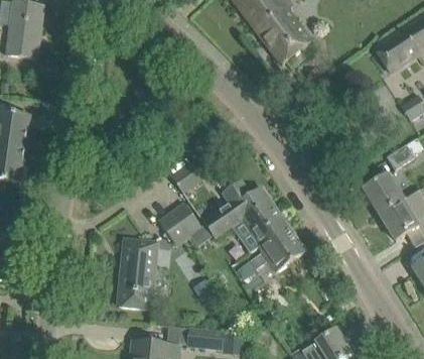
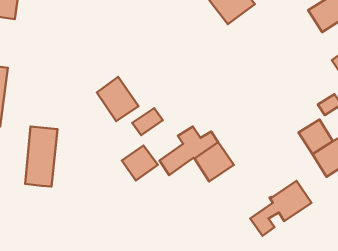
building: none -> [97,77,138,121]
building: [235,225,305,288] -> [250,181,311,236]
building: [118,238,155,308] -> [25,126,58,187]

